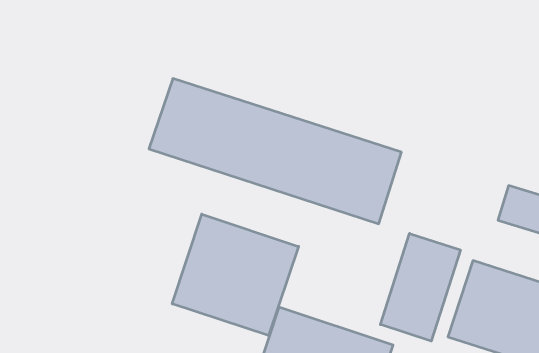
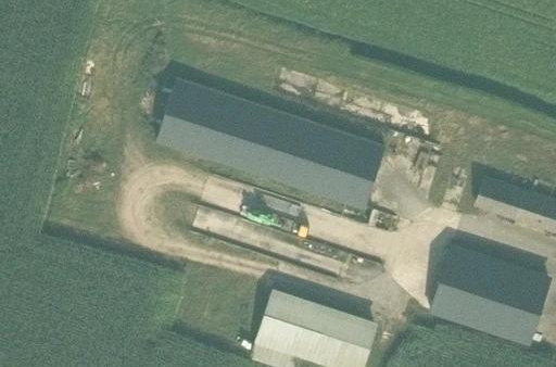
building: [172,214,299,336] -> none
building: [380,233,460,341] -> none

